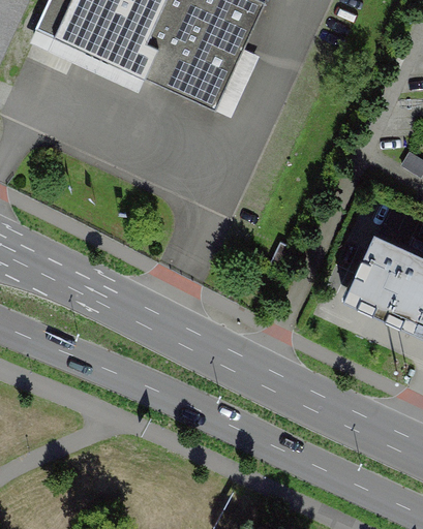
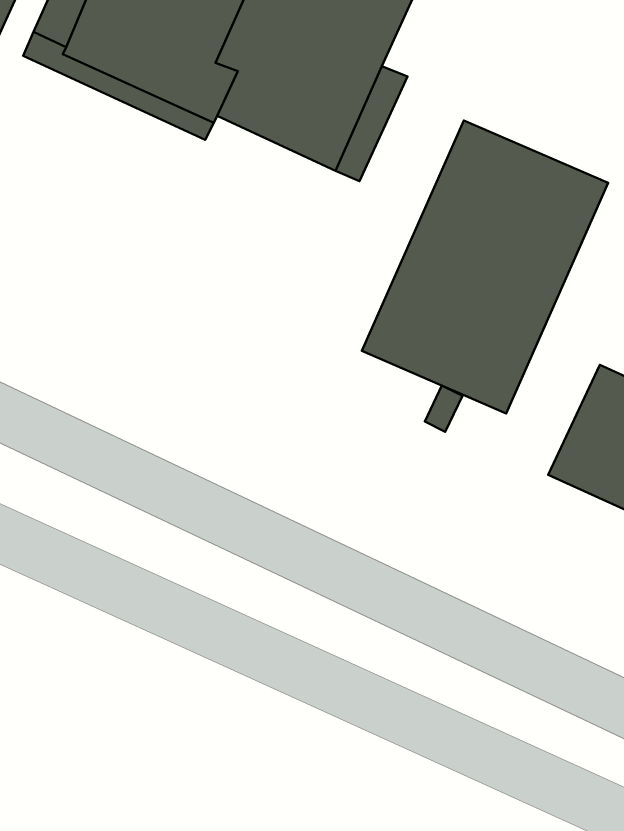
building: none -> [362,120,608,413]

